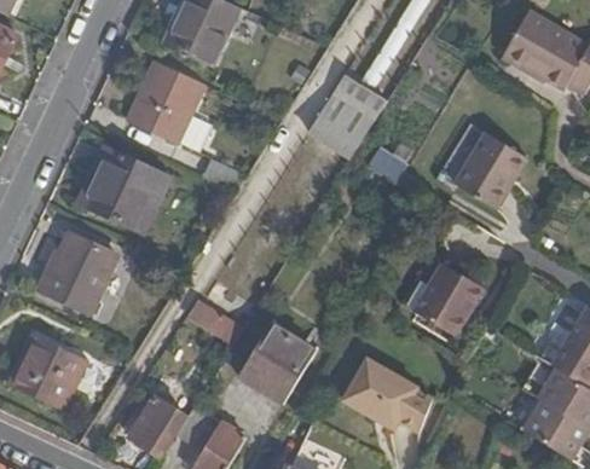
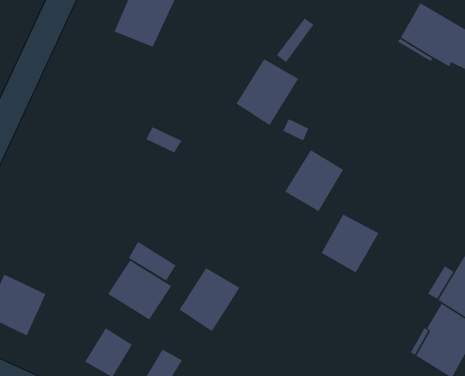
building: [127,58,203,141] -> none
building: [452,137,524,212] -> [284,149,344,212]
building: [77,146,163,228] -> none
building: [39,231,117,314] -> none
building: none -> [107,259,172,321]
building: [347,355,441,430] -> none

